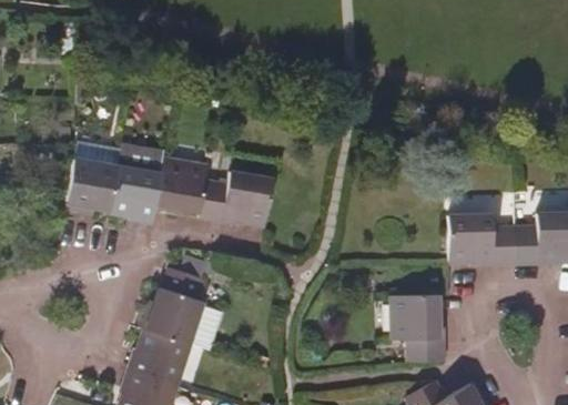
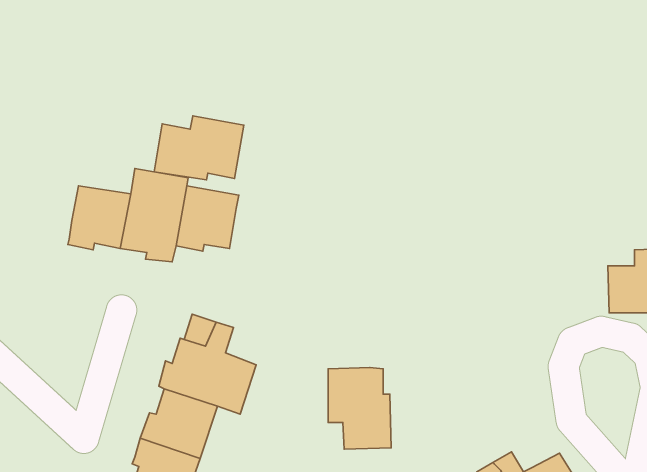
building: [199,172,273,225] -> [154,116,244,180]
building: [448,215,515,266] -> none
building: [393,294,445,362] -> [328,368,391,449]

